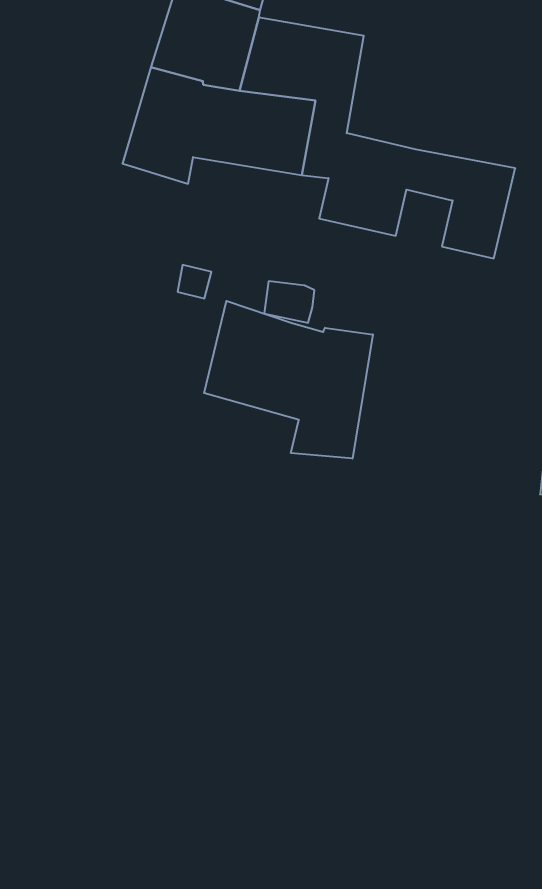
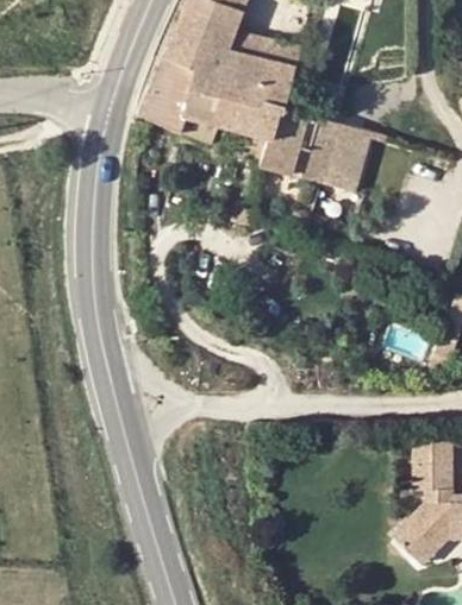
building: [204,301,373,459] -> none

